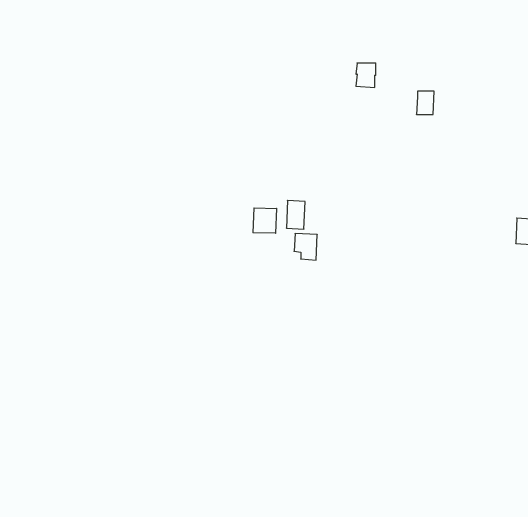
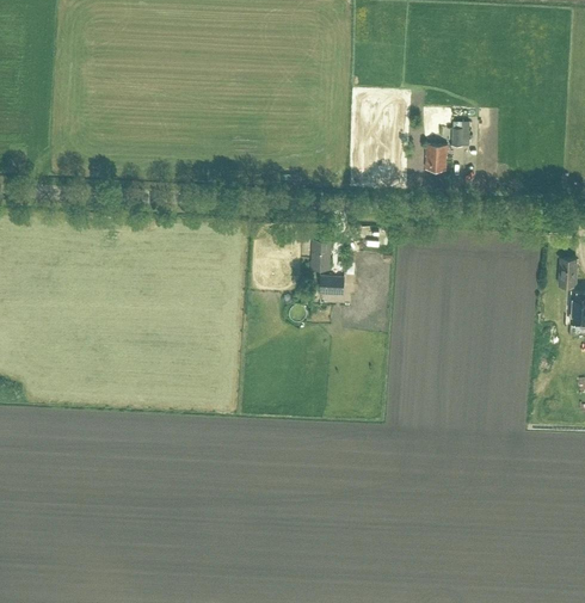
building: [356,63,376,87] -> [425,144,447,171]
building: [253,208,277,233] -> none

